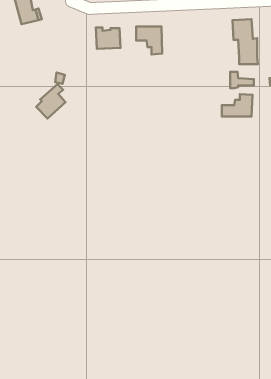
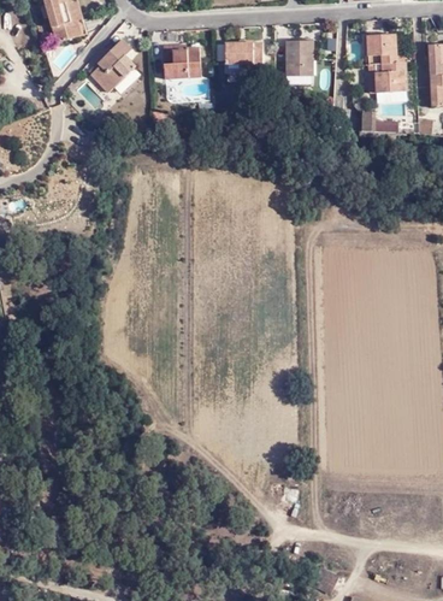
building: none -> [285,41,311,76]
building: [36,84,66,118] -> [89,43,132,94]
building: [222,94,252,117] -> none

